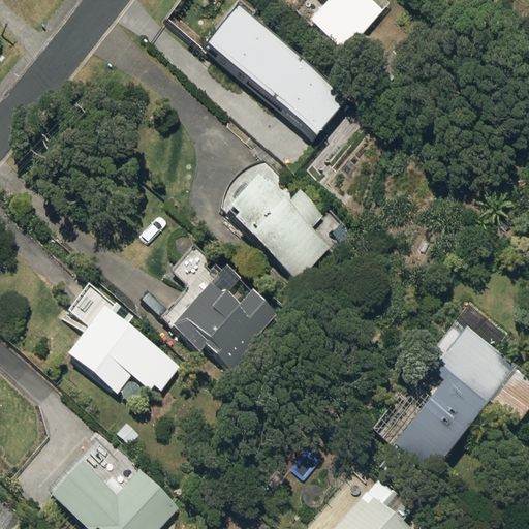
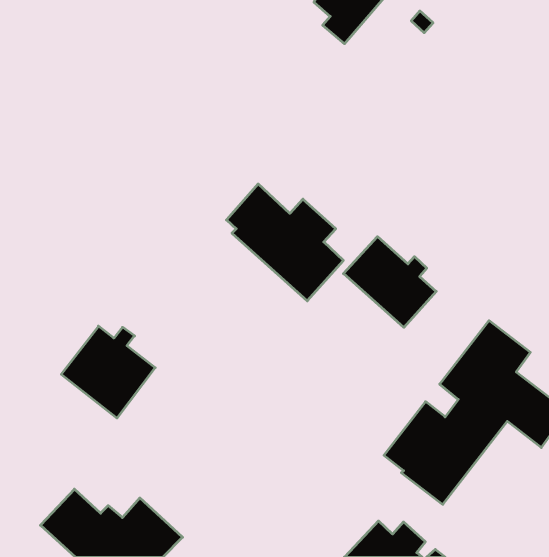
building: [211,7,359,145] -> none
building: none -> [343,237,436,327]
building: [179,267,278,376] -> none

